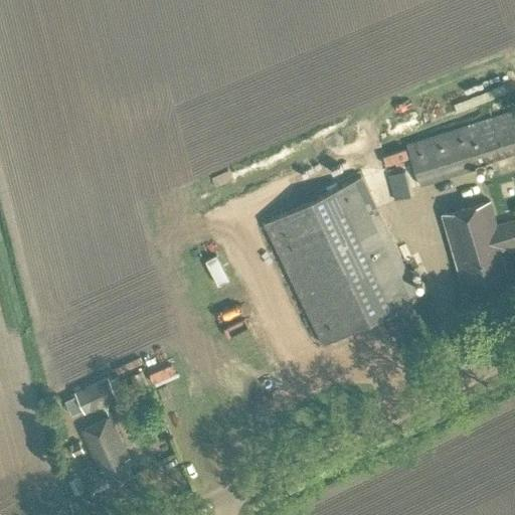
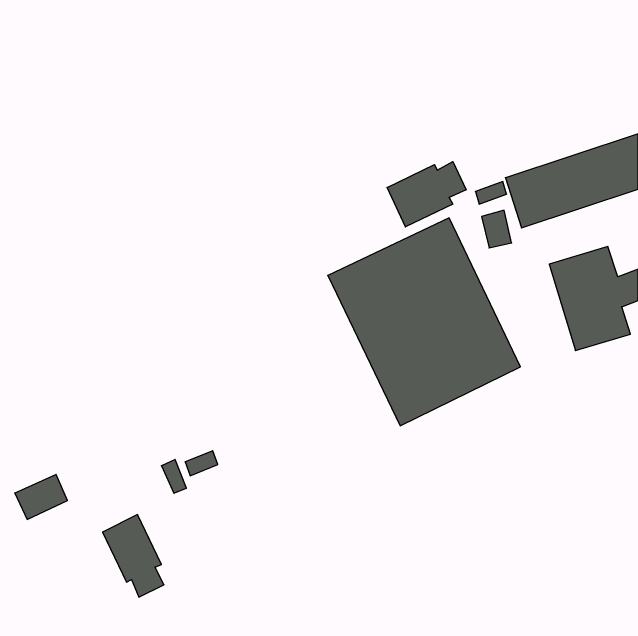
building: none -> [387,162,466,227]
building: [74,378,117,414] -> [15,474,67,519]

